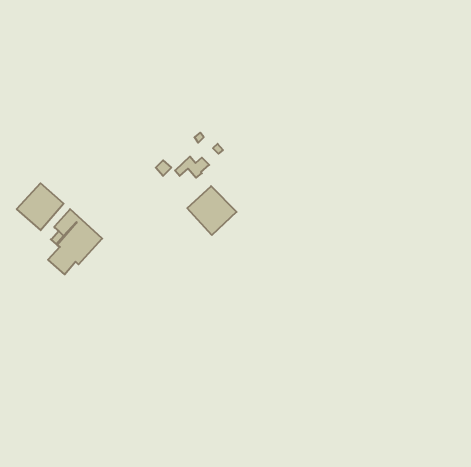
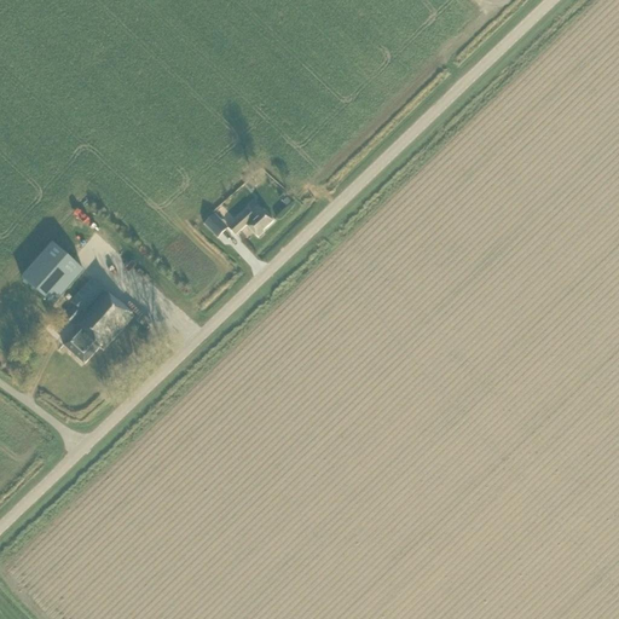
building: [187,186,237,235] -> none

